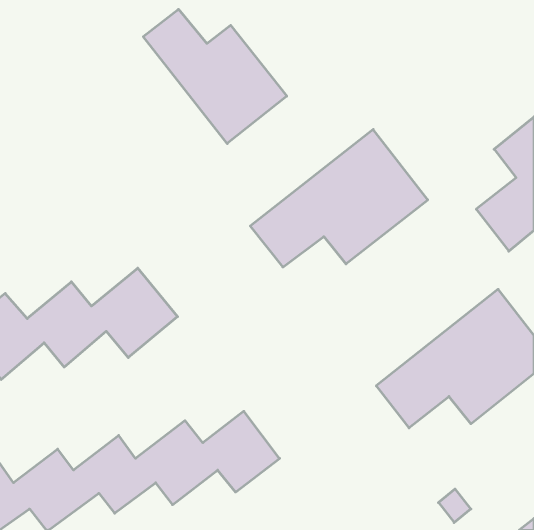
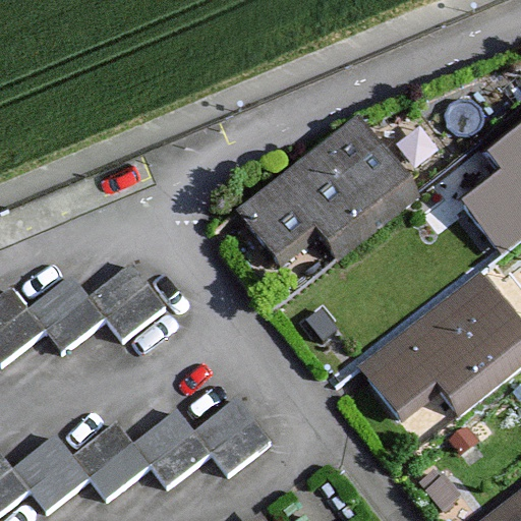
building: [143,9,287,144] -> none

